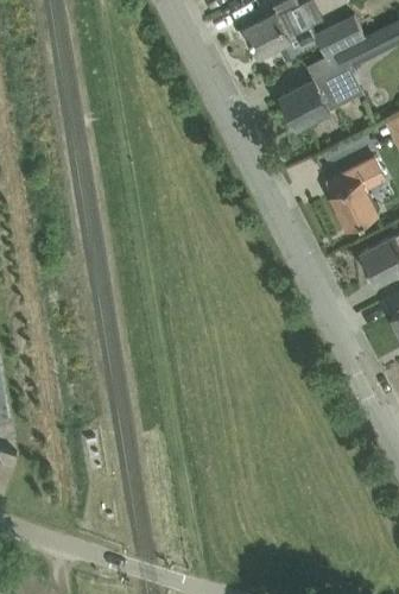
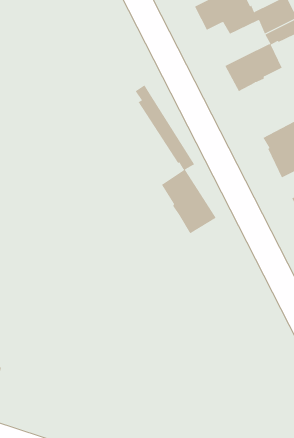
building: none -> [135,85,216,234]

